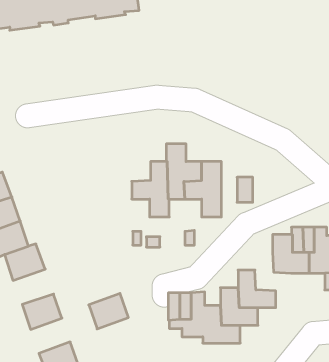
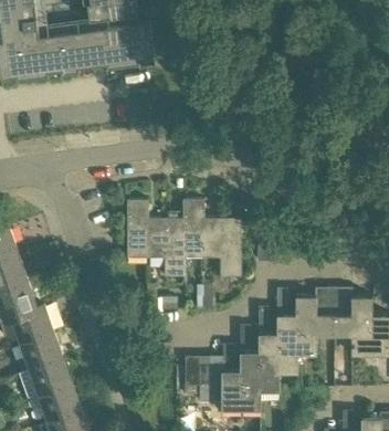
building: none -> [126,200,165,259]
building: none -> [275,314,315,355]
building: none -> [19,332,62,369]
building: [89,293,128,329] -> [38,383,80,421]

